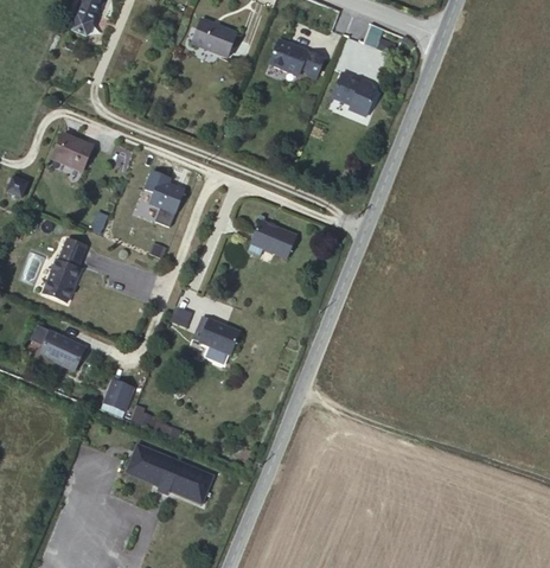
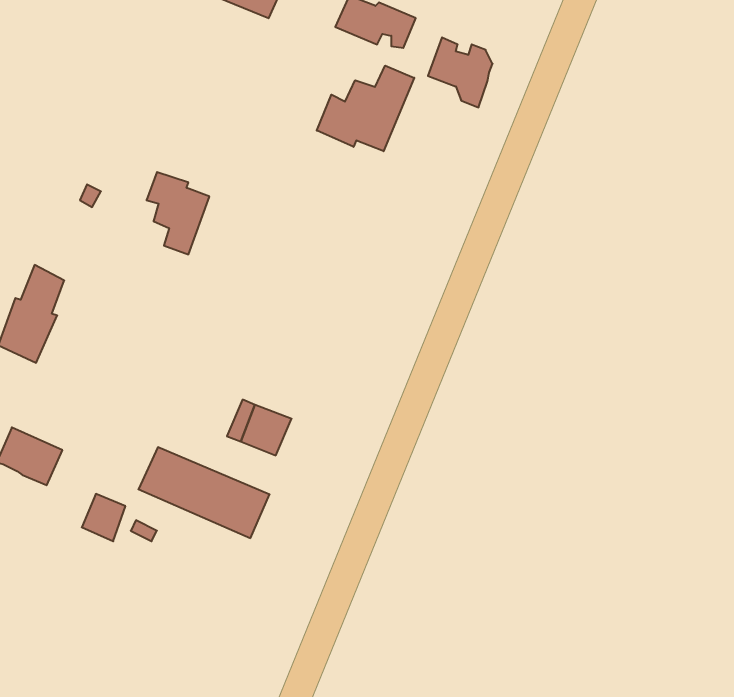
building: none -> [317,66,414,151]
building: [56,136,96,173] -> none
building: [249,219,298,259] -> none
building: [123,446,212,508] -> [138,447,270,538]

